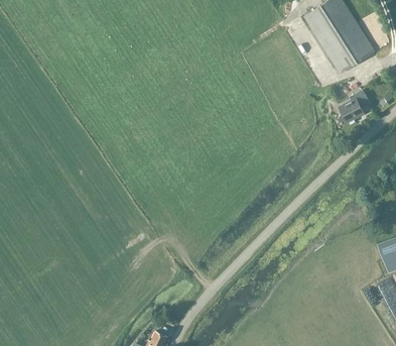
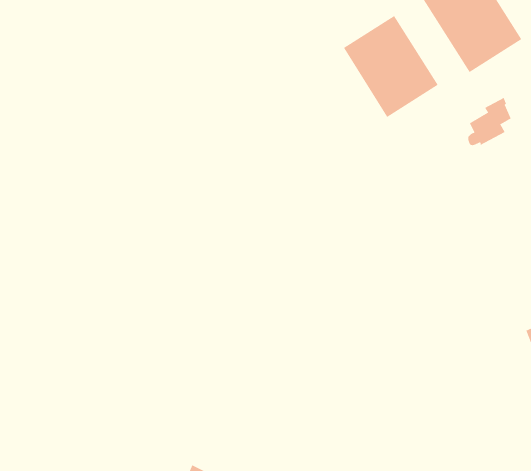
building: none -> [343,15,438,118]

